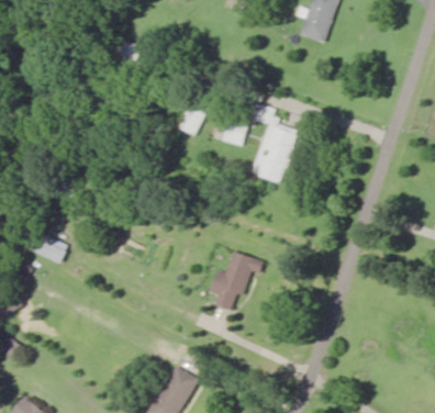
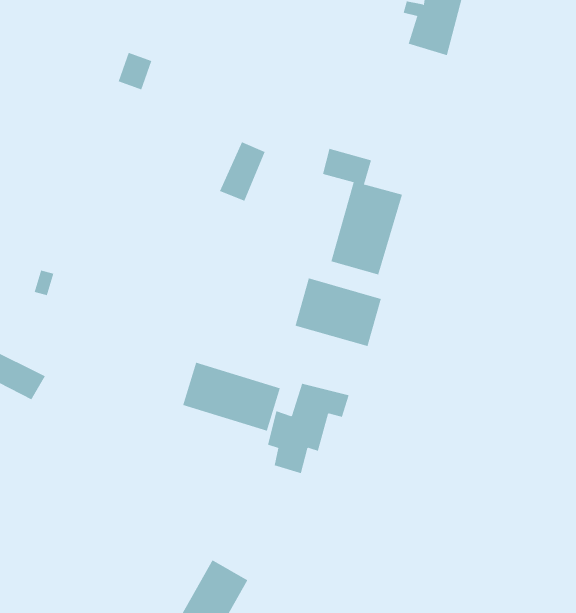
building: [214,115,247,146] -> none
building: none -> [295,278,381,347]
building: none -> [183,362,280,432]

